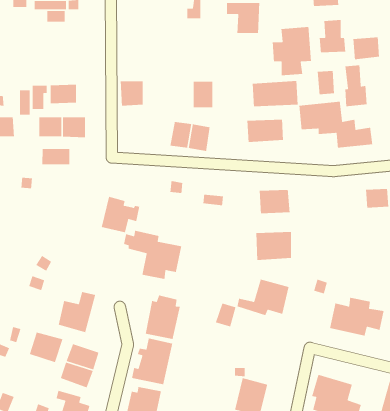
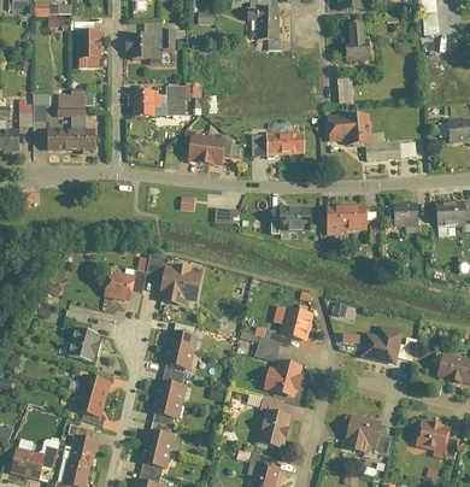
building: none -> [77,31,102,61]
building: [272,26,312,76] -> none
building: none -> [131,36,160,61]
building: [352,37,380,60] -> none
building: [344,65,368,107] -> none
building: [252,80,299,107] -> none
building: [193,81,213,108] -> [169,87,190,116]
building: [42,148,70,165] -> none
building: [101,196,140,233] -> [99,260,141,300]
building: [255,231,292,261] -> [328,206,366,237]
building: none -> [262,357,300,394]
building: [29,331,63,363] -> none

